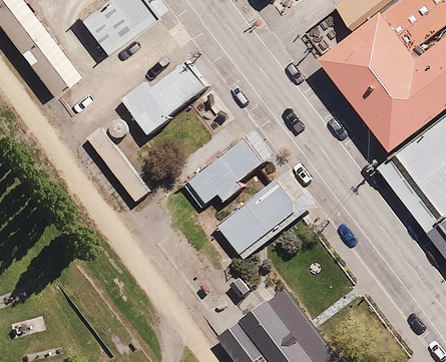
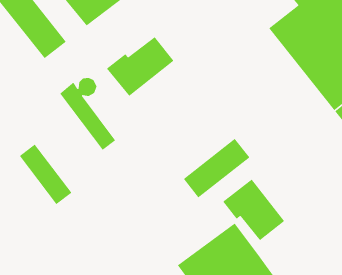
building: [189,137,268,209] -> none
building: none -> [19,144,72,205]
building: none -> [222,179,285,241]

